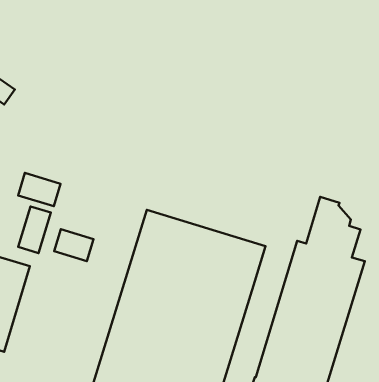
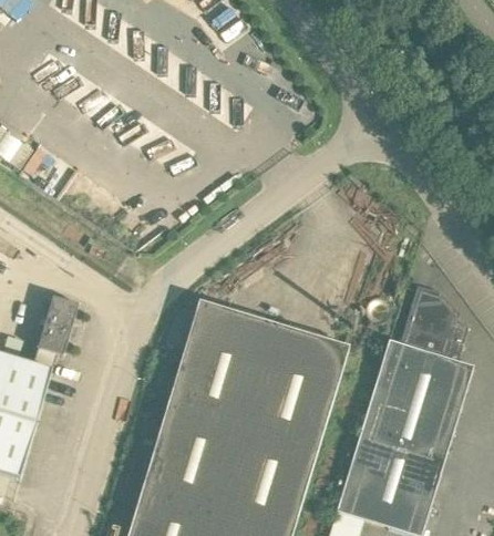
building: [18,173,61,206] -> none
building: [54,229,94,261] -> none

